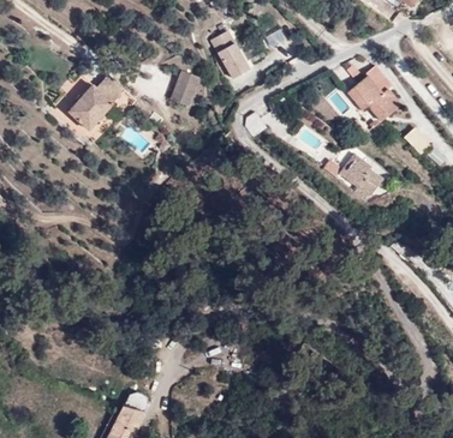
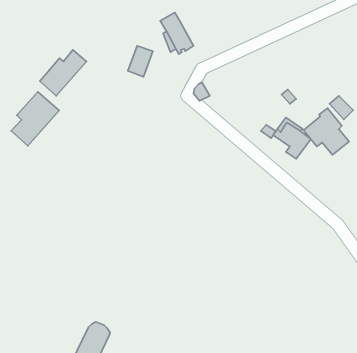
building: [347,65,400,119] -> [303,108,349,155]
building: none -> [11,92,59,146]

